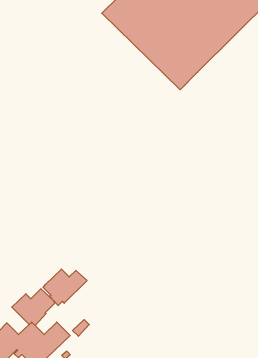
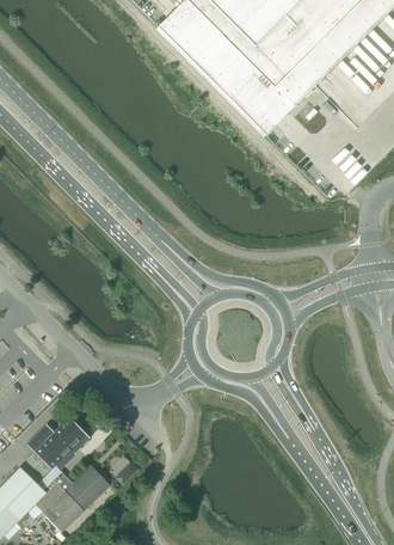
building: [43,269,87,306] -> none

